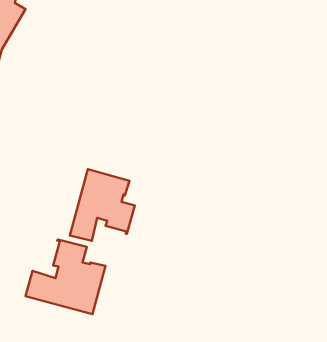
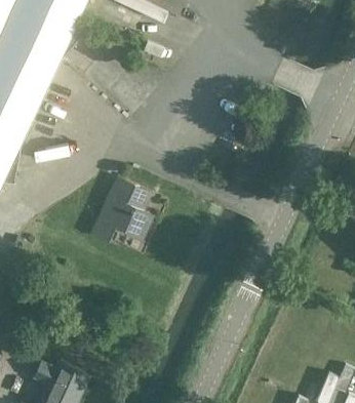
building: [25,240,105,314] -> none

